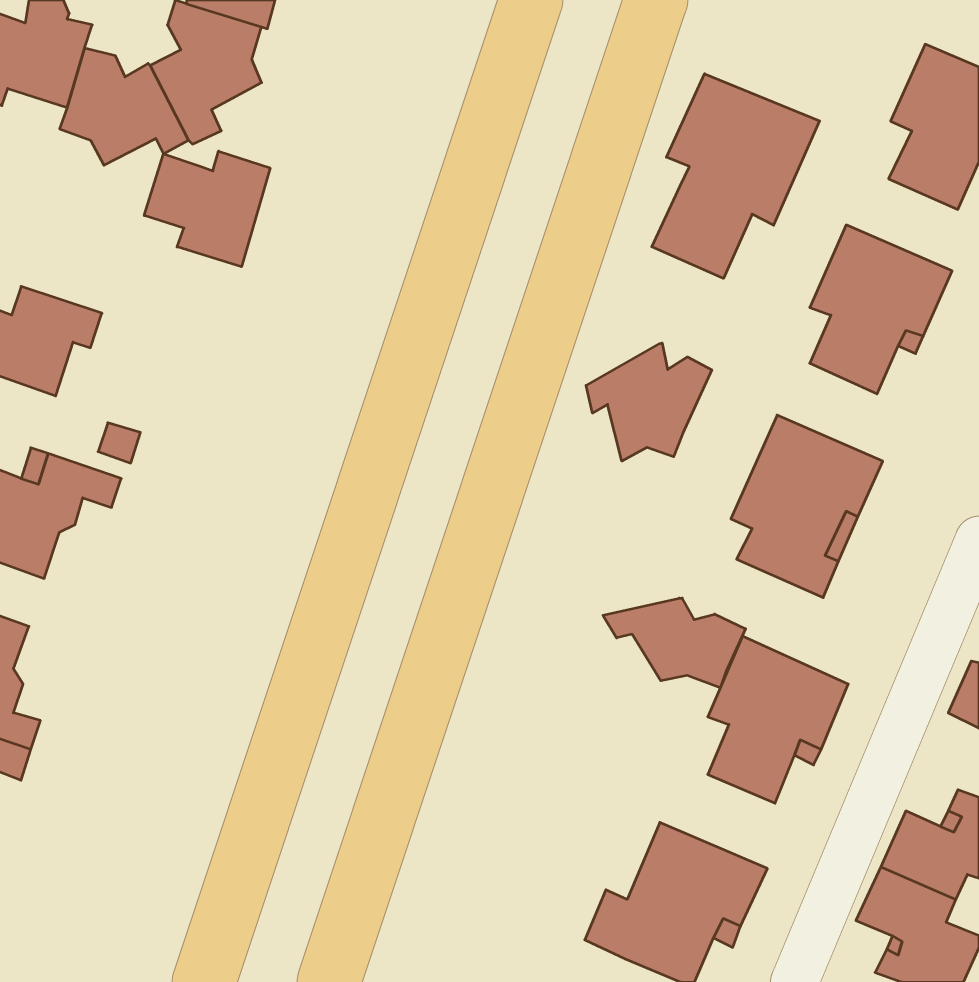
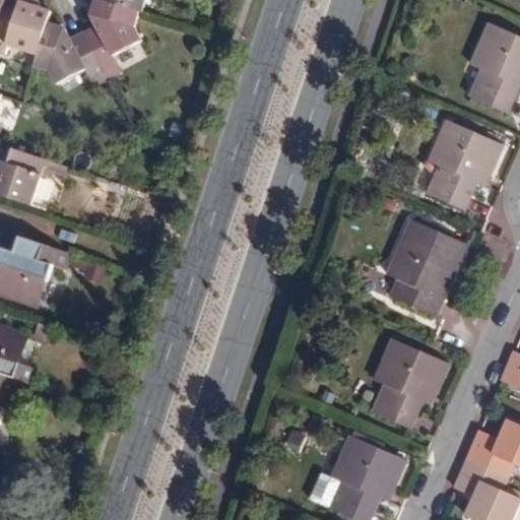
building: [652,74,820,278] -> none
building: [144,151,270,267] -> none
building: [586,343,712,461] -> none
building: [603,598,746,688] -> none

